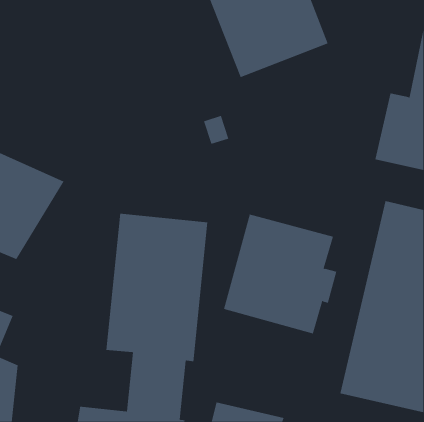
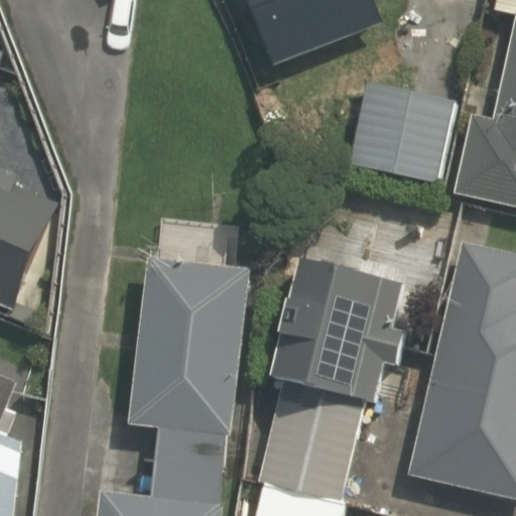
building: none -> [347,82,456,182]
building: none -> [257,379,365,499]

